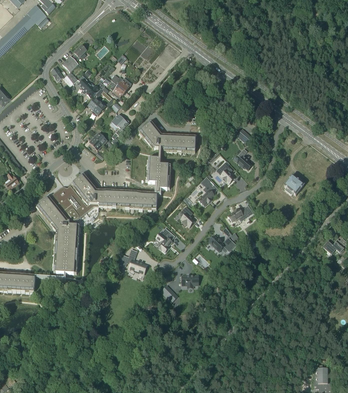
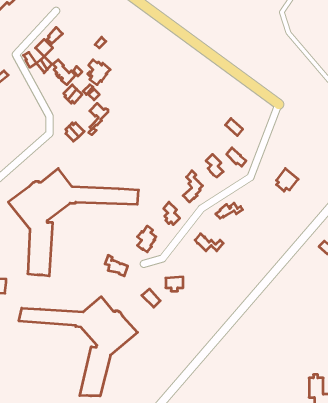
building: [140,122,196,194] -> none
building: none -> [19,297,138,396]

